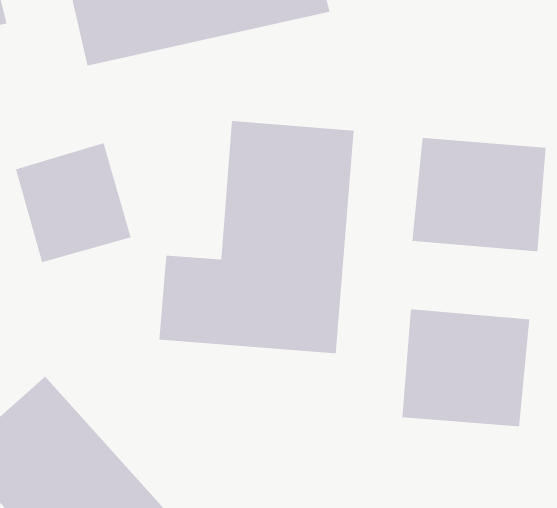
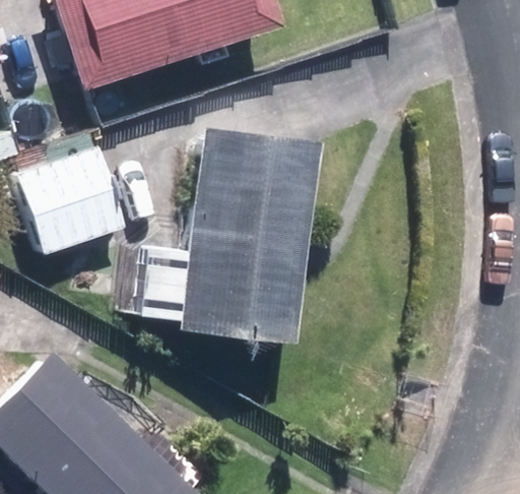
building: [412,137,546,252] -> none
building: [402,309,530,427] -> none

